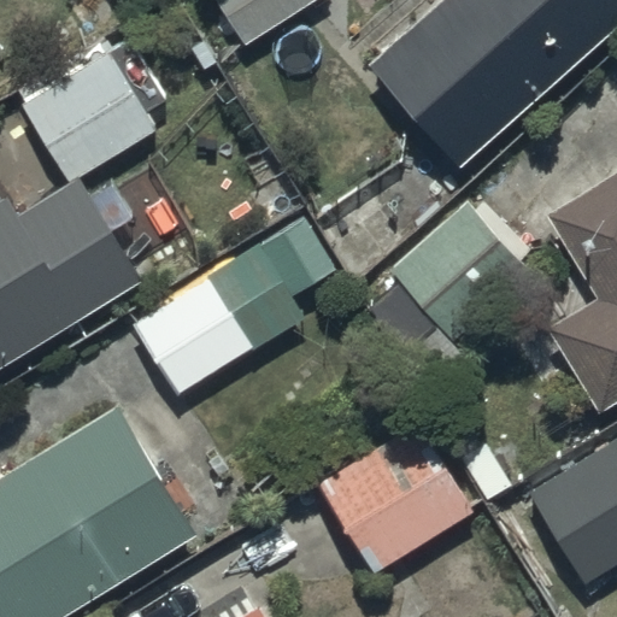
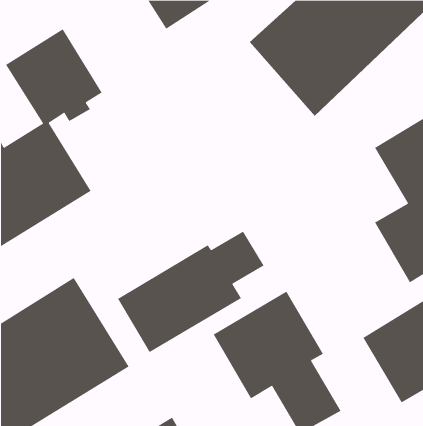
building: [358,202,534,347] -> none
building: [130,224,341,399] -> [117,231,264,353]

